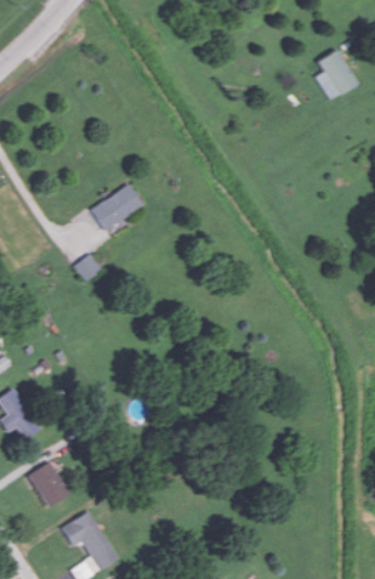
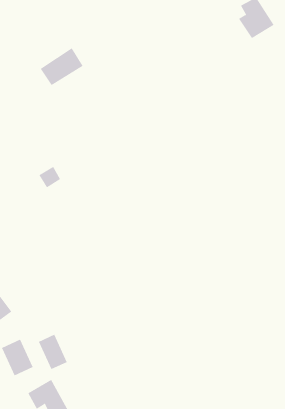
building: [91,183,143,229] -> [40,48,83,86]
building: none -> [38,334,68,370]

